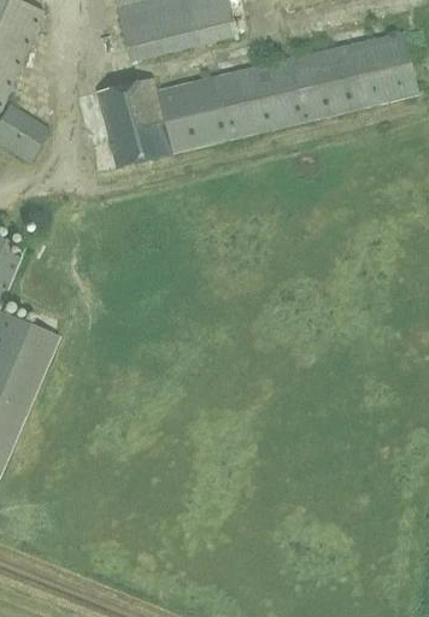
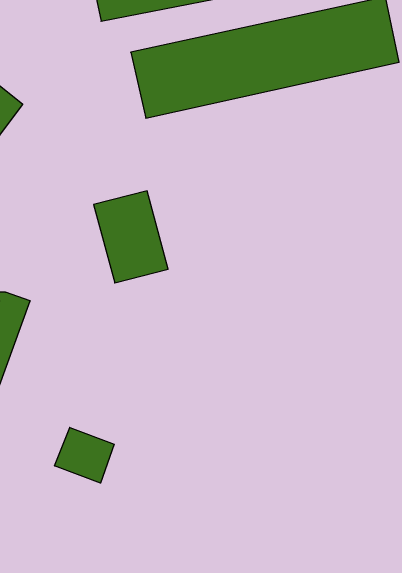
building: [94,86,166,175] -> [94,191,168,283]
building: none -> [55,427,114,483]

